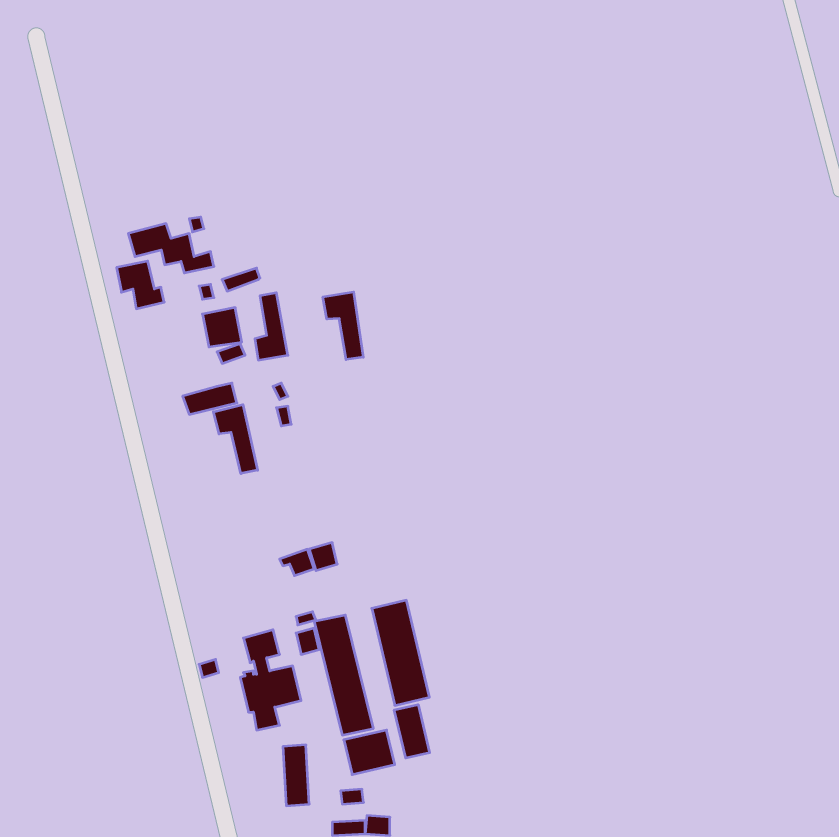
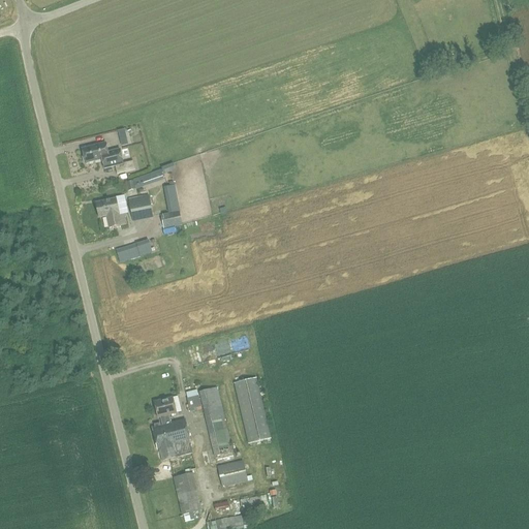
building: [117,261,164,309] -> [95,196,125,226]
building: [323,292,363,360] -> none
building: [213,405,258,474] -> none
building: [394,705,430,758] -> none

